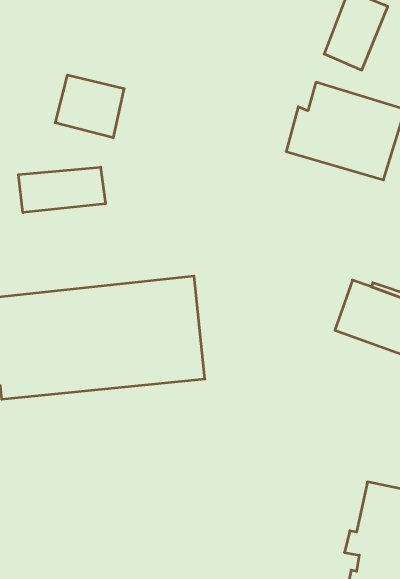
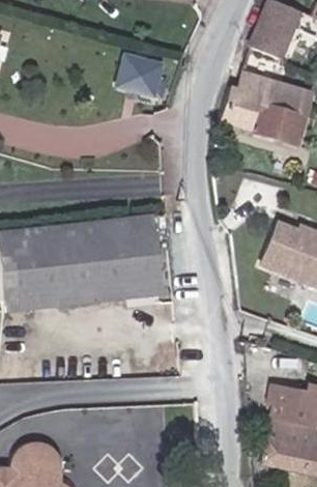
building: [55,75,124,138] -> [122,51,175,98]
building: [18,167,105,213] -> none

